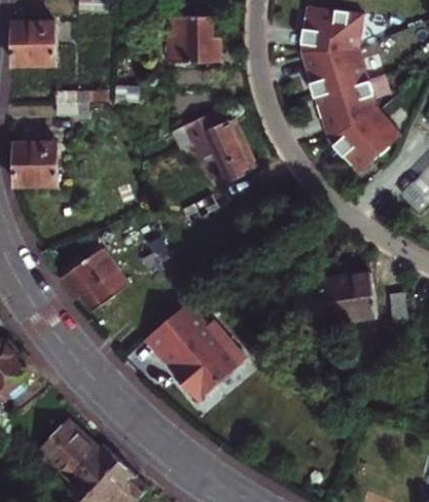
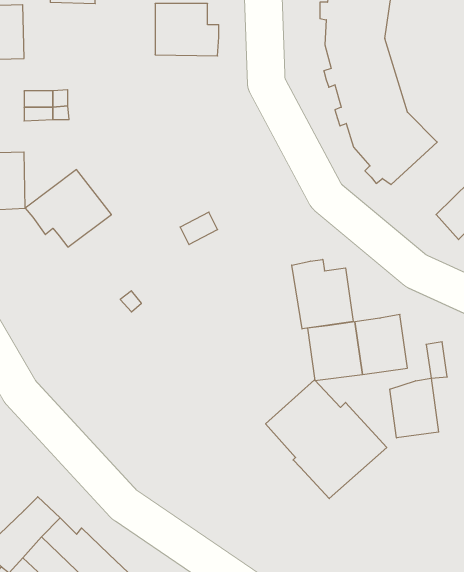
building: [181,109,253,179] -> none
building: none -> [292,259,353,329]
building: [58,251,129,315] -> [25,170,111,247]
building: [147,303,247,401] -> [266,380,387,499]
building: none -> [390,378,439,438]

